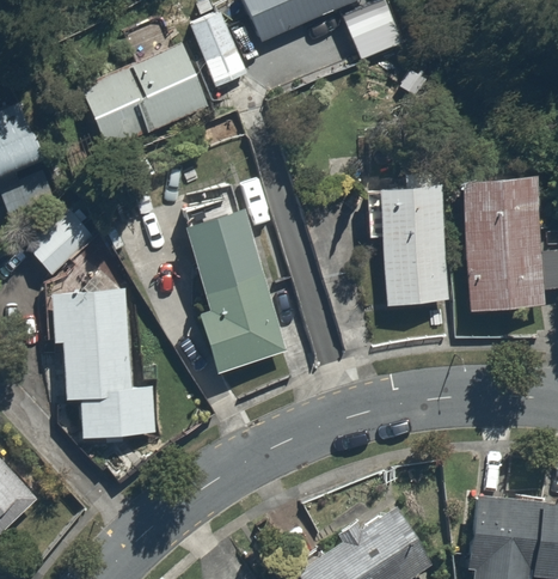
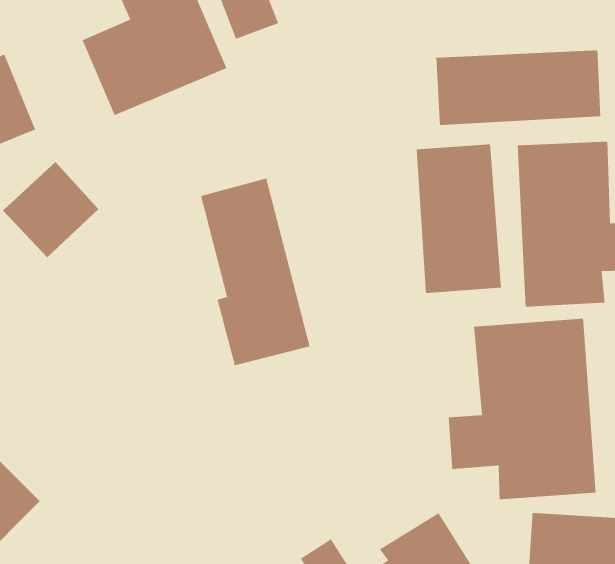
building: none -> [436,50,601,126]
building: [48,290,154,441] -> none
building: none -> [448,318,596,500]

